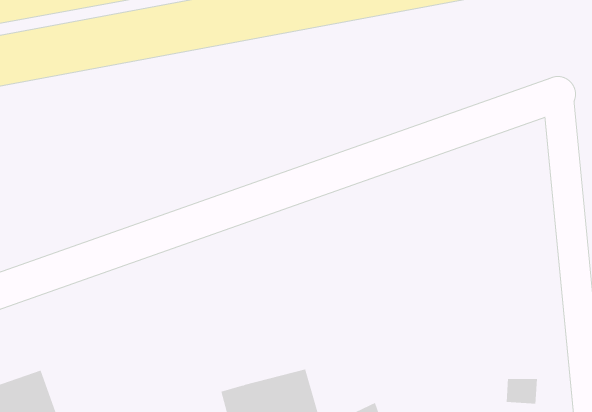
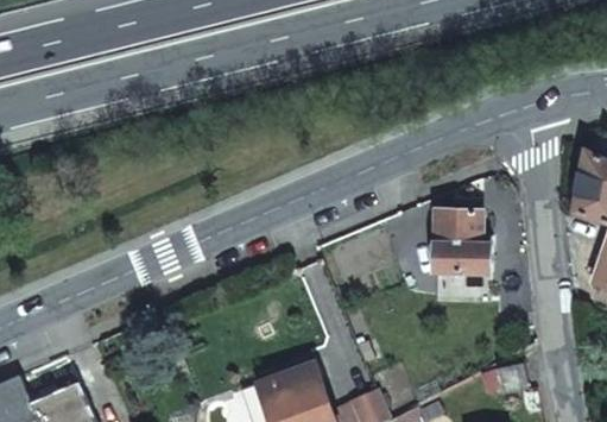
building: none -> [436,214,485,273]

